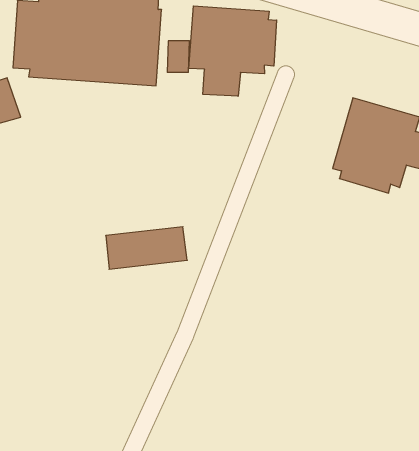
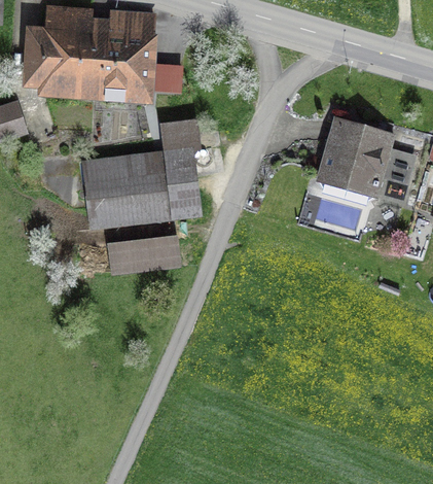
building: [189,6,277,96] -> none
building: none -> [81,117,202,229]

